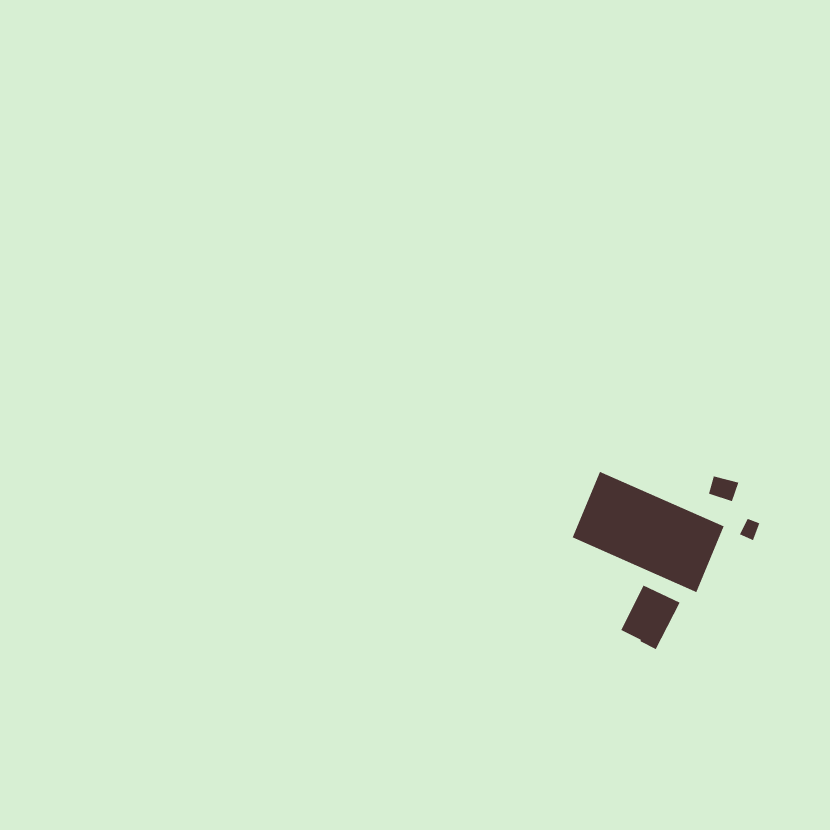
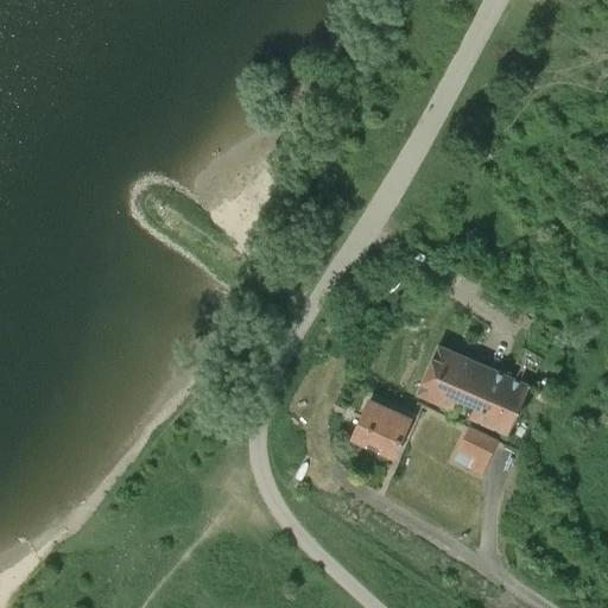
building: none -> [353,400,412,457]

